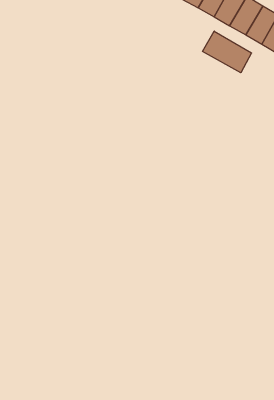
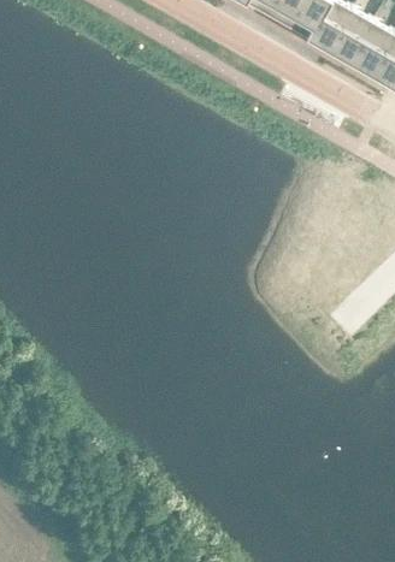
building: [203,31,252,73] -> none

